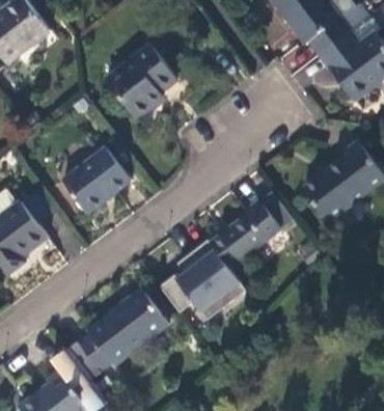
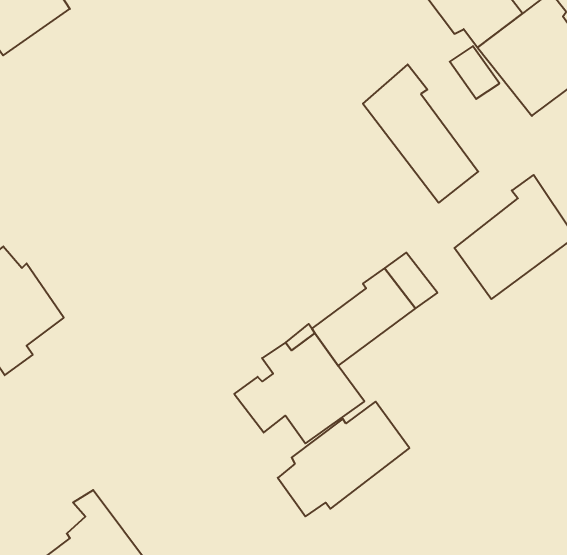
building: [106,46,175,118] -> none
building: none -> [363,64,478,203]
building: [60,146,129,211] -> none
building: [80,294,168,371] -> [278,402,409,516]

